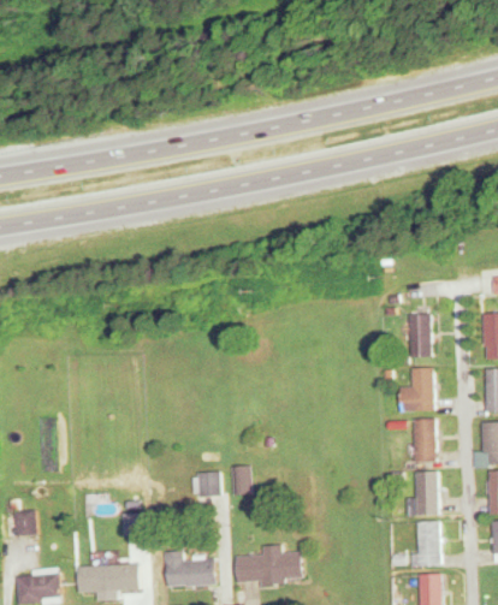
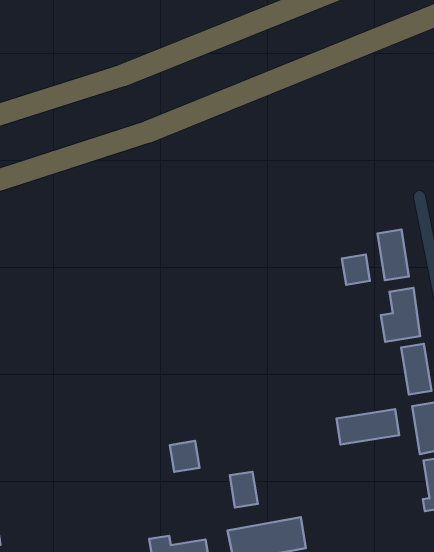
building: none -> [342,255,370,285]
building: [231,465,251,494] -> [230,472,258,507]
building: none -> [336,409,399,445]

